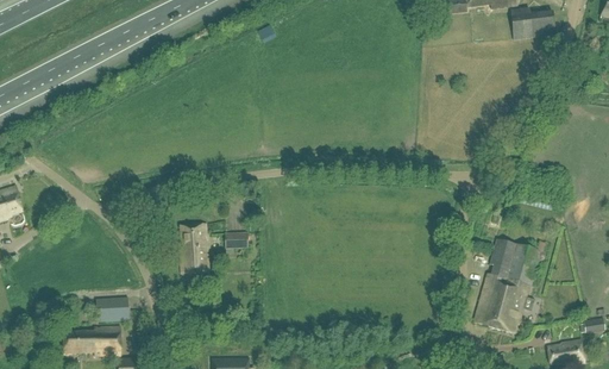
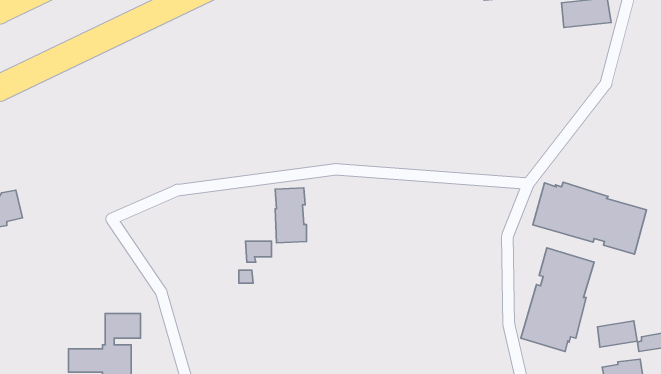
building: none -> [533,182,647,254]
building: [180,224,208,274] -> [275,188,307,243]
building: none -> [597,321,637,347]

